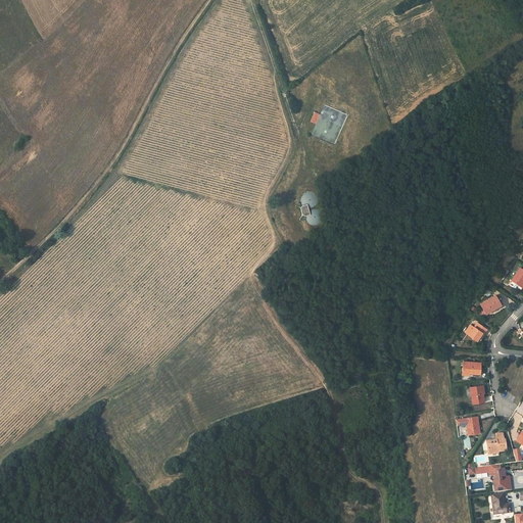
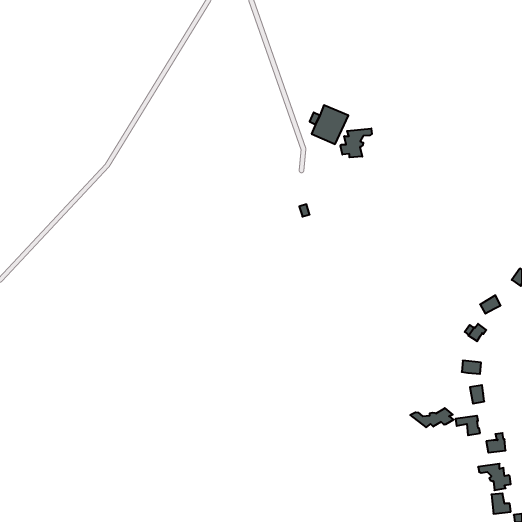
building: none -> [341,128,372,157]
building: none -> [410,408,454,427]

